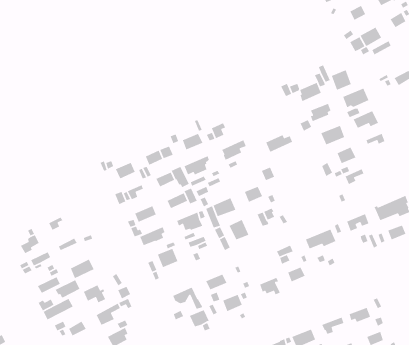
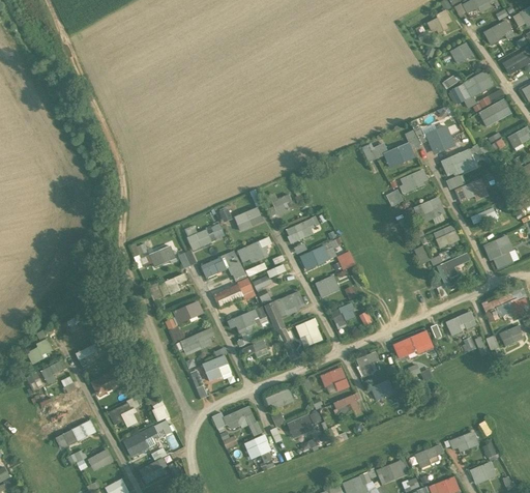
building: none -> [478,98,511,126]
building: [265,134,293,153] -> [300,245,336,269]
building: none -> [483,235,513,269]
building: none -> [321,367,349,394]
building: [55,279,81,298] -> none

